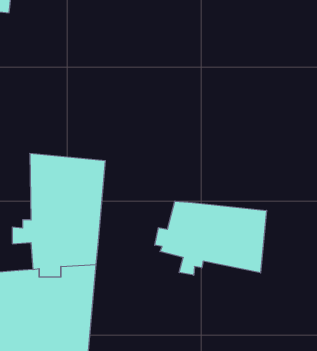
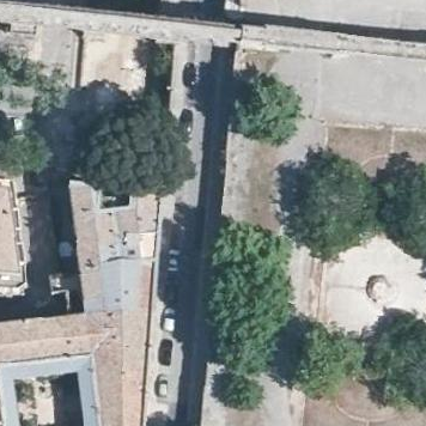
building: [155,201,267,275] -> none

